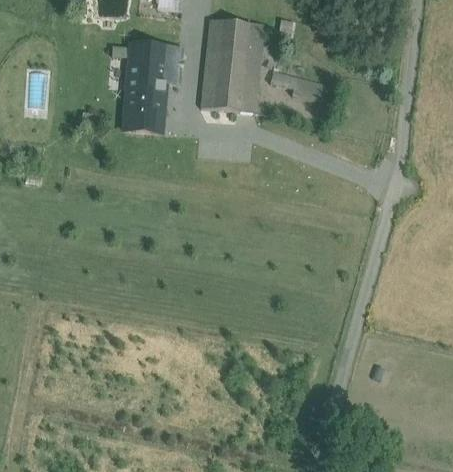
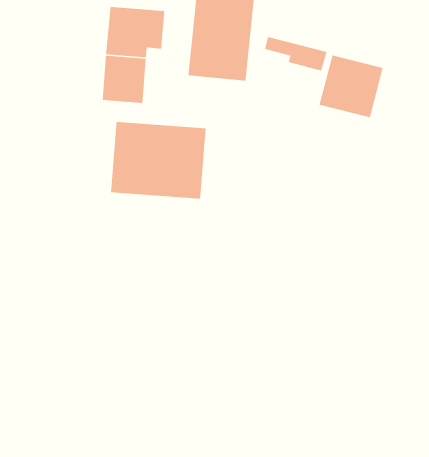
building: none -> [319,54,384,118]
building: none -> [110,121,206,200]

